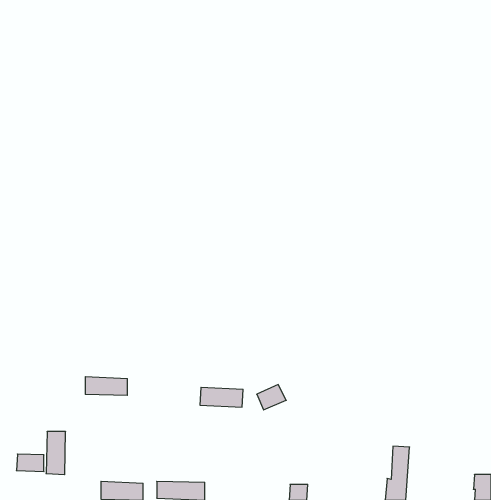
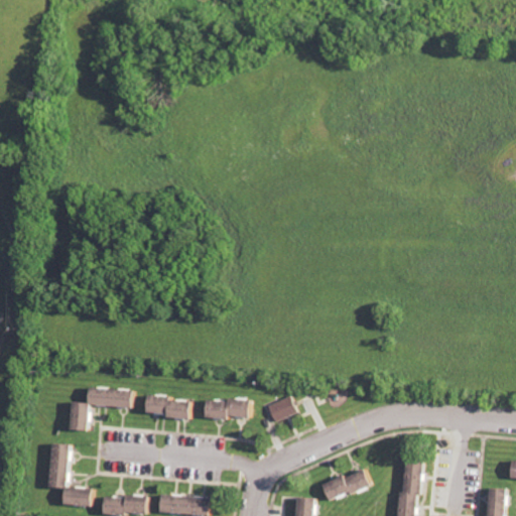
building: none -> [144,397,190,417]
building: none -> [69,402,88,431]
building: [16,454,44,472] -> [63,488,92,506]
building: none -> [324,470,371,501]

